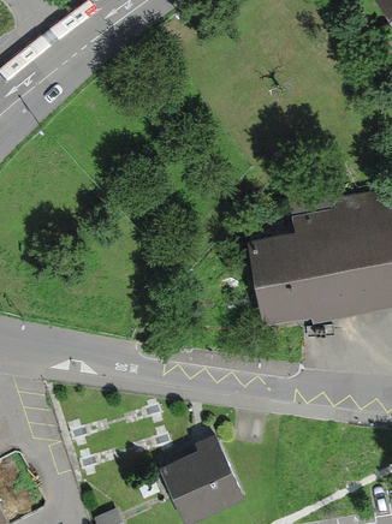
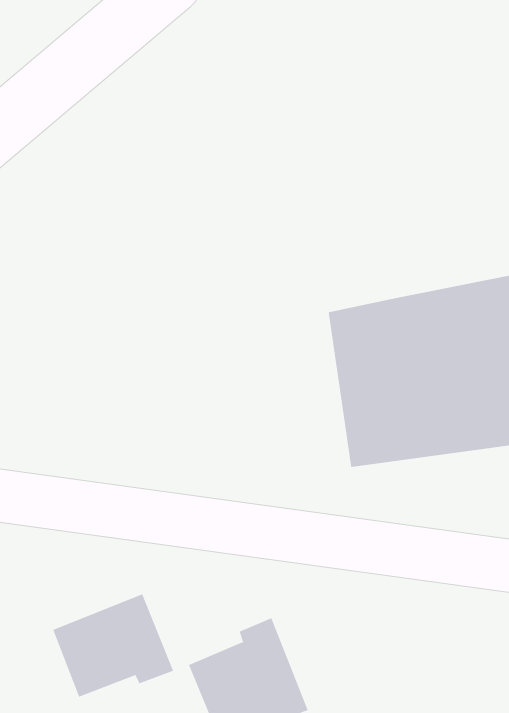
building: none -> [53,594,174,698]

